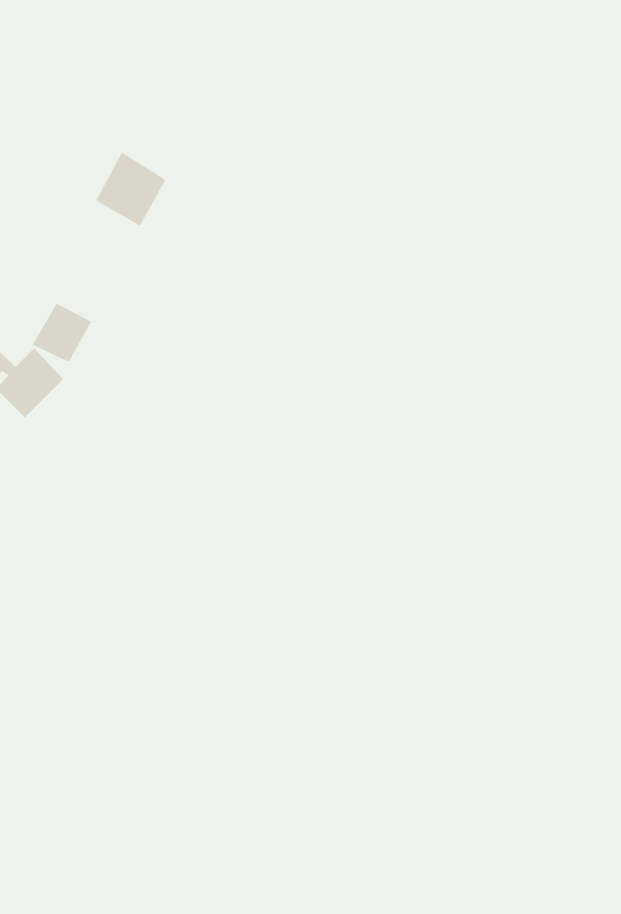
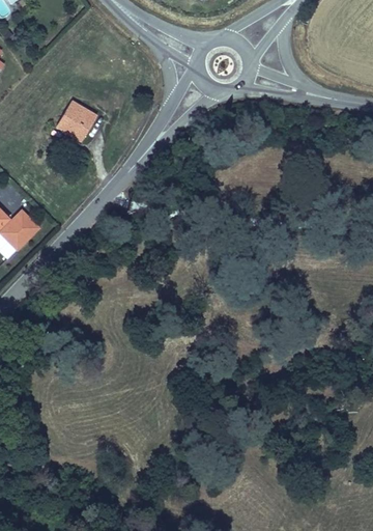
building: [32,303,92,363] -> none

